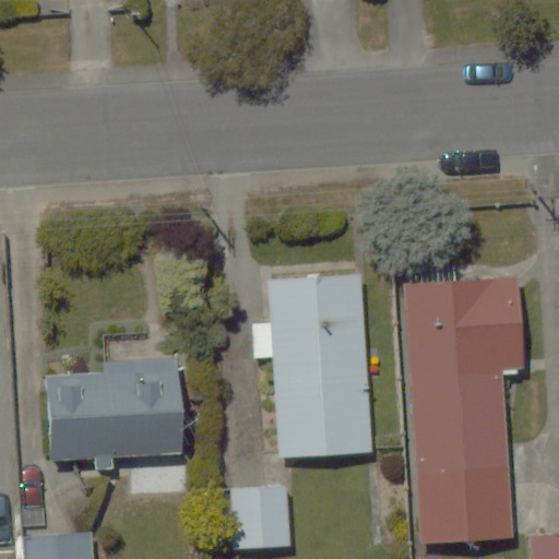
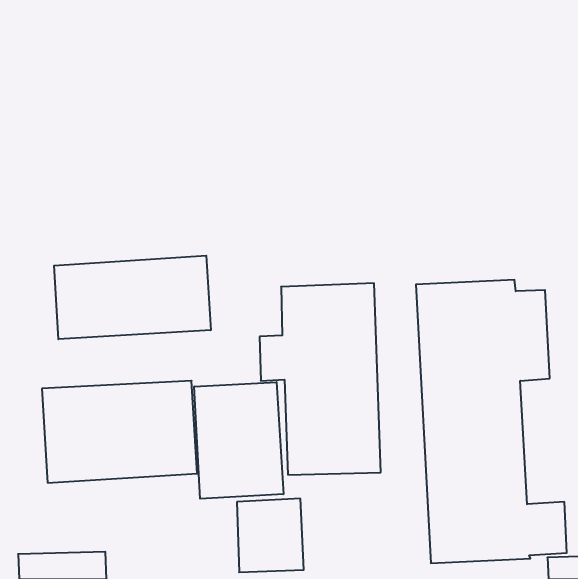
building: none -> [54,256,211,339]
building: none -> [194,382,283,499]

